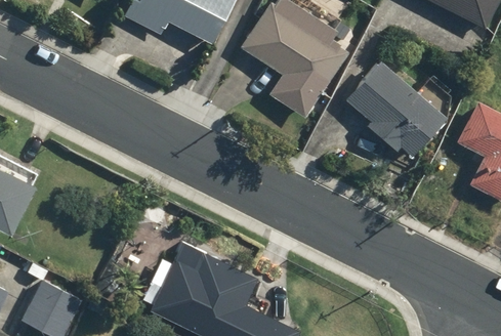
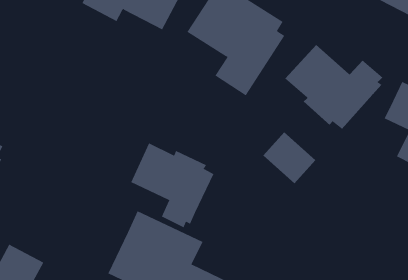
building: none -> [263,131,316,184]
building: none -> [130,143,214,228]

